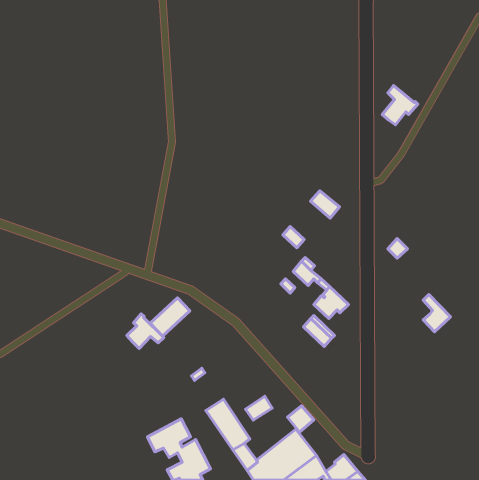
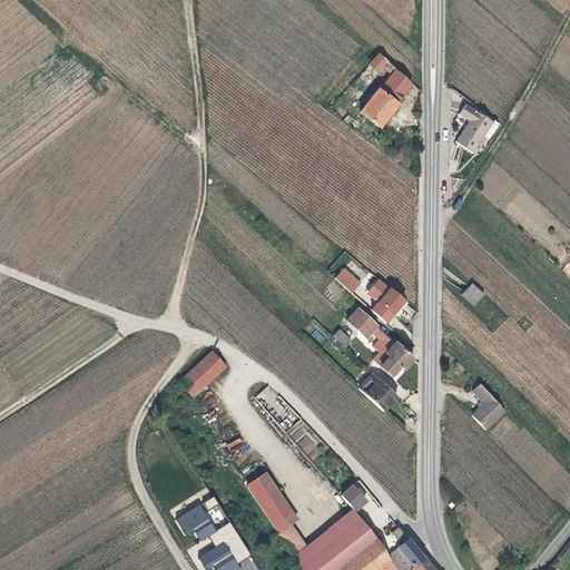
building: none -> [361,55,412,128]
building: [310,191,339,218] -> [371,279,405,312]
building: [423,294,450,332] -> [475,387,508,432]
building: [127,314,164,348] -> none
building: [245,396,272,420] -> none

